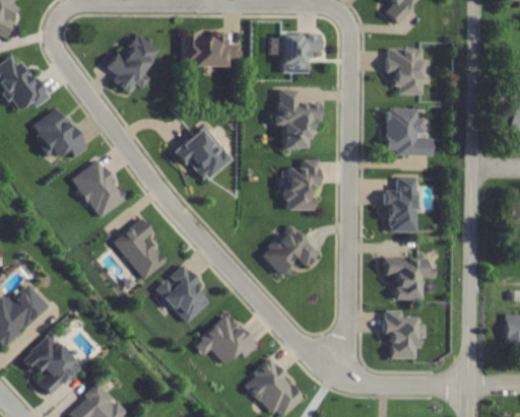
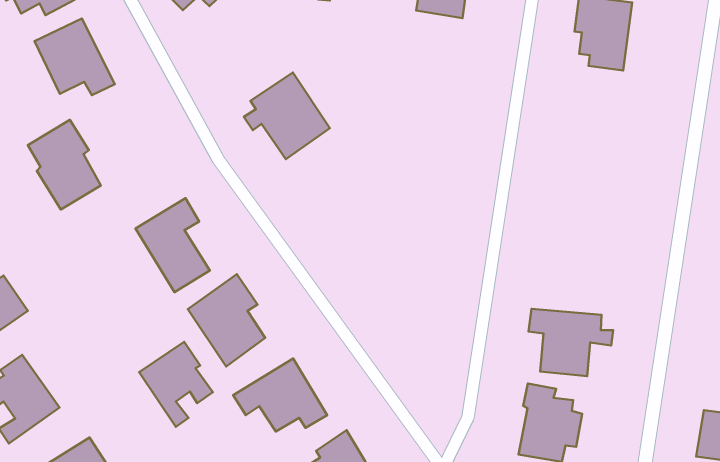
building: [273,89,321,150] -> none
building: [383,109,430,156] -> none
building: [72,159,124,219] -> [28,120,101,209]
building: [280,160,320,211] -> none
building: [383,178,414,233] -> none
building: [258,224,319,274] -> none
building: none -> [139,342,213,427]

